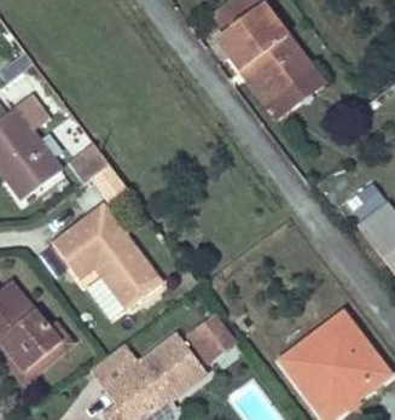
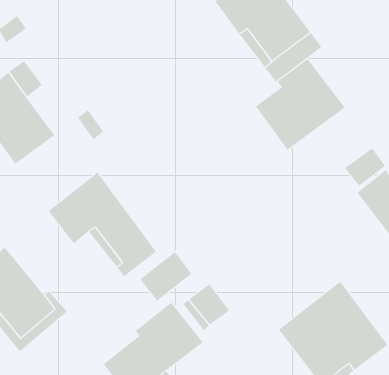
building: none -> [255,58,346,151]
building: [91,344,143,393] -> [140,251,192,302]

